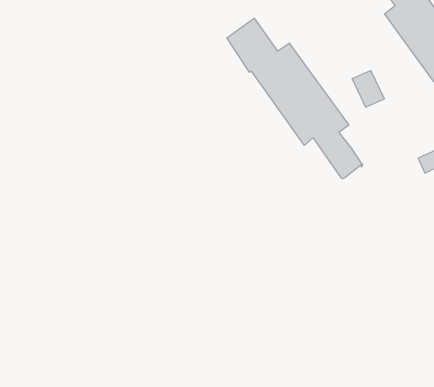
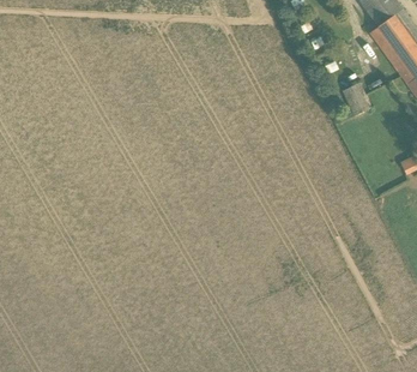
building: [227,18,363,179] -> none

